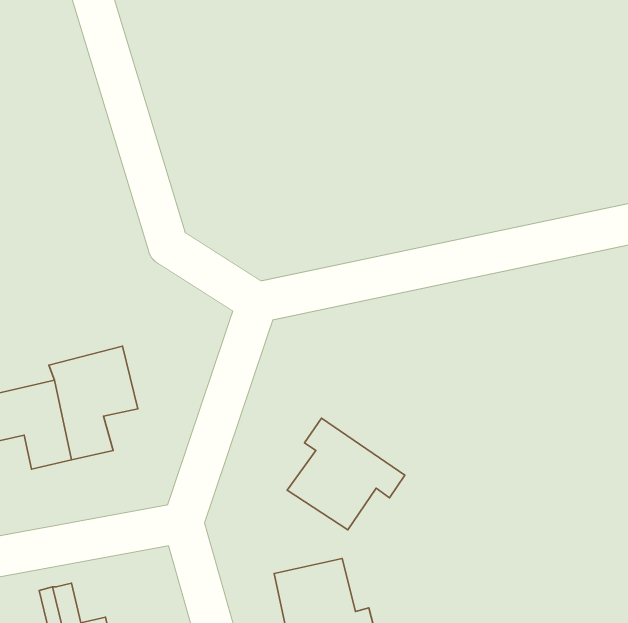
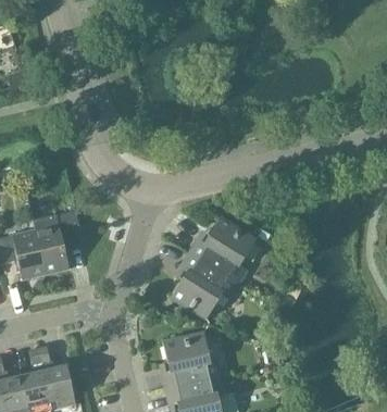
building: none -> [190,216,255,284]

